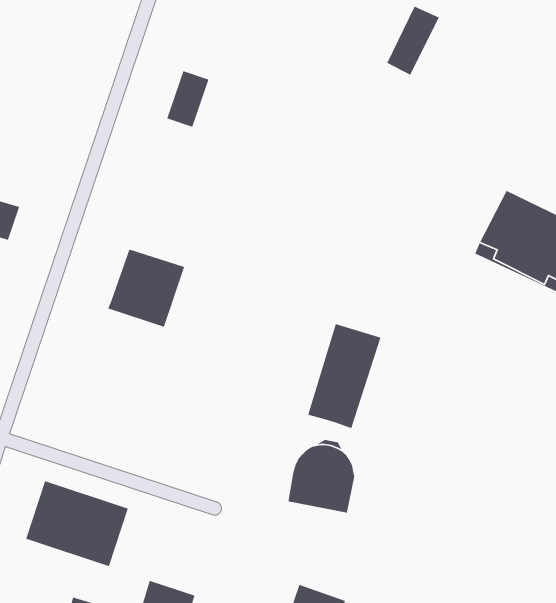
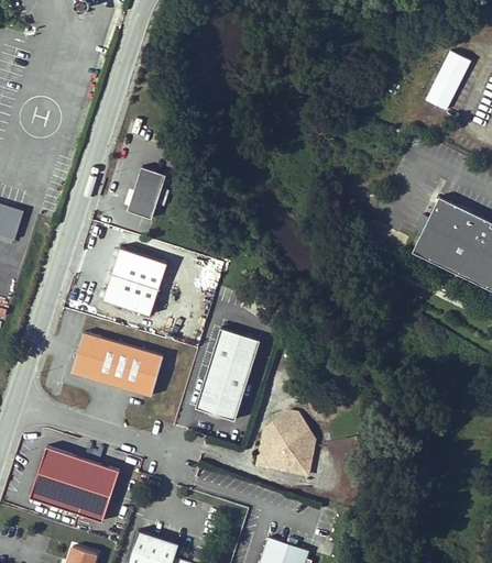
building: [386,5,440,76] -> [425,53,471,113]
building: [166,70,210,128] -> [129,166,166,216]
building: [307,323,381,429] -> [195,329,259,420]
building: none -> [73,332,163,395]

